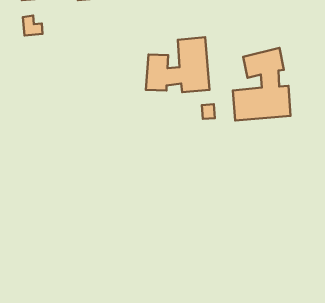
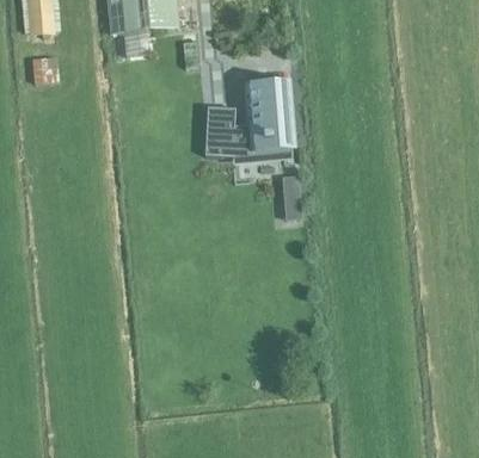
building: [233,48,291,120] -> none

